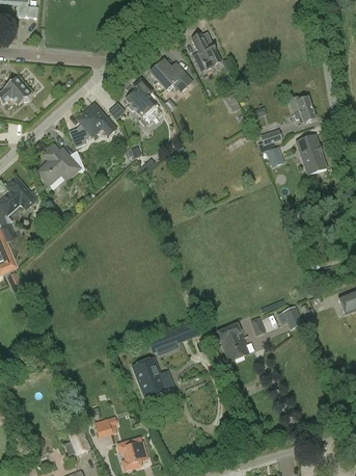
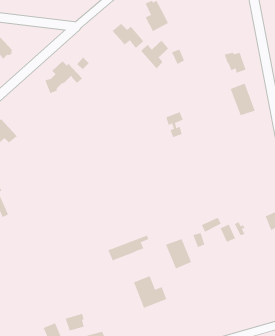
building: [126,78,155,114] -> none
building: none -> [140,40,169,69]
building: [261,127,282,159] -> [166,111,183,138]
building: [36,144,84,184] -> none
building: [132,356,173,397] -> [133,275,167,309]

